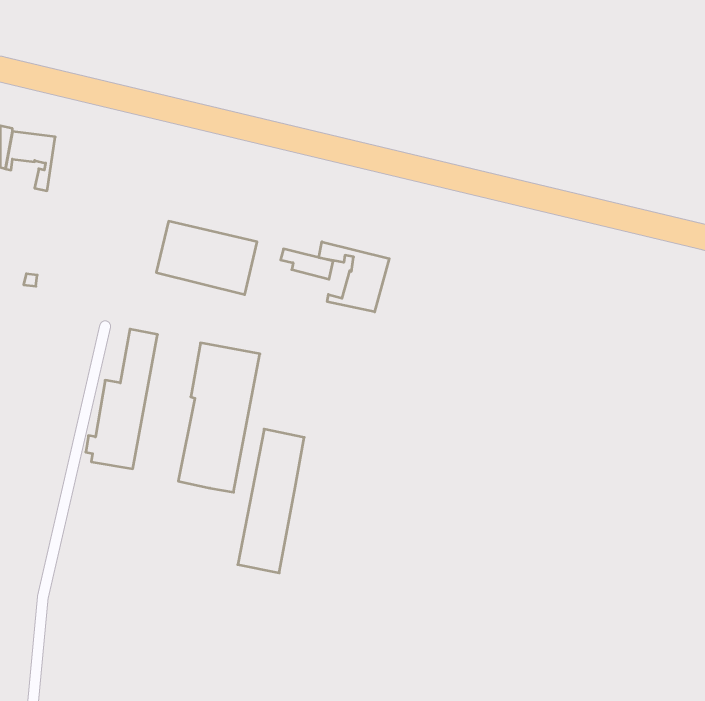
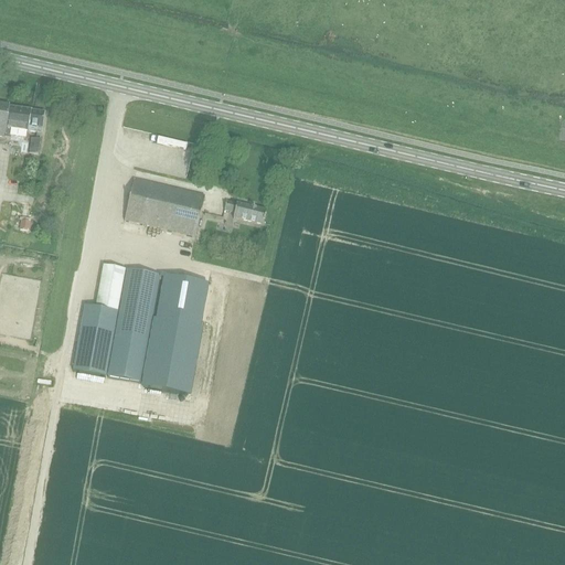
building: [319,242,389,312] -> none
building: [238,429,304,573] -> [108,267,161,382]

